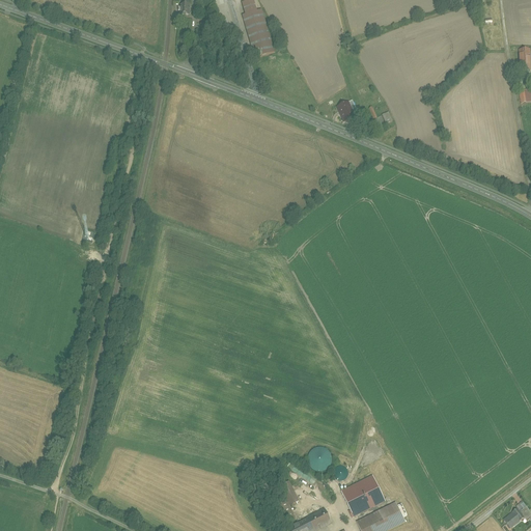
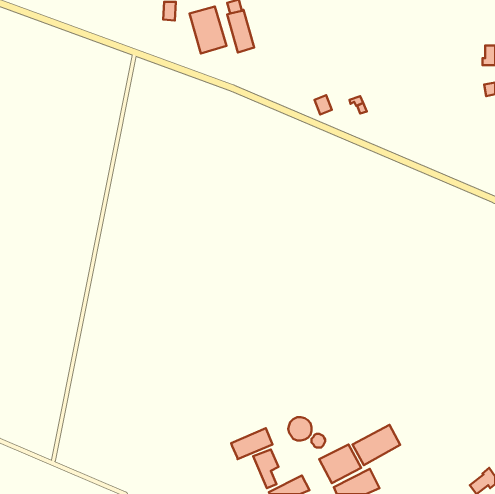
building: none -> [190,7,227,54]
building: none -> [353,425,400,465]
building: none -> [231,428,272,459]

